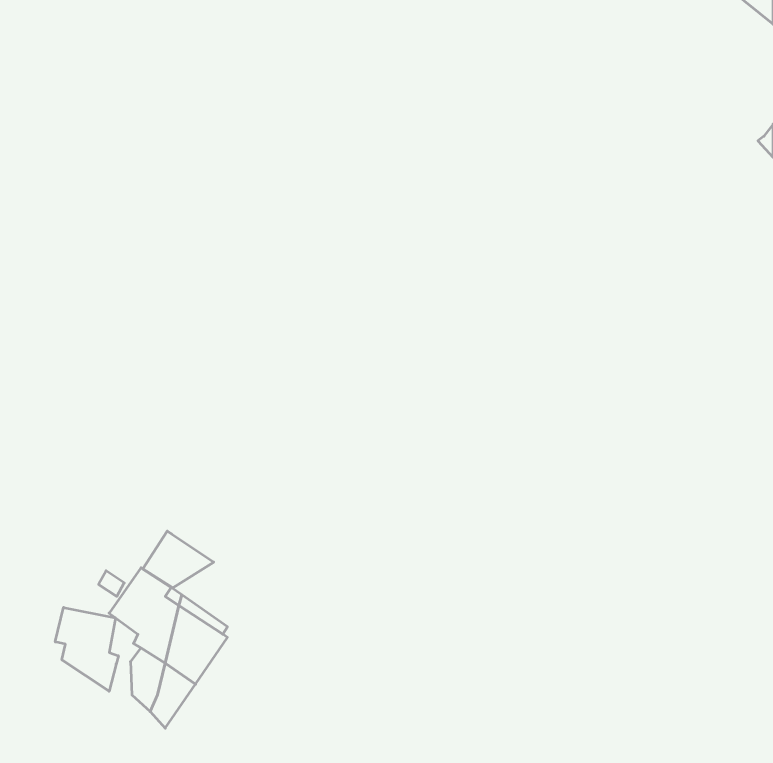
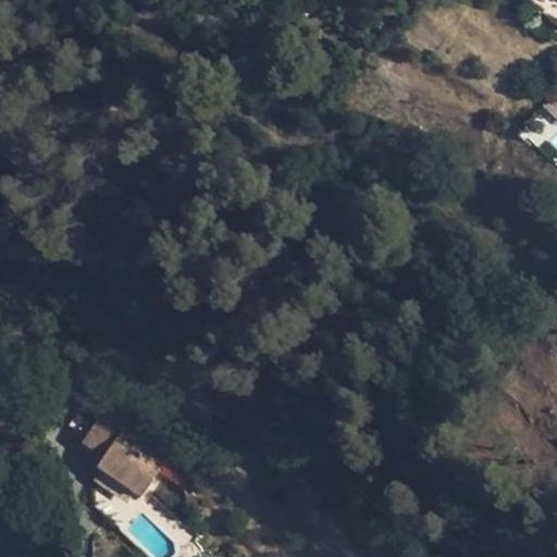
building: [143,531,214,588] -> none
building: [55,607,118,691] -> none

